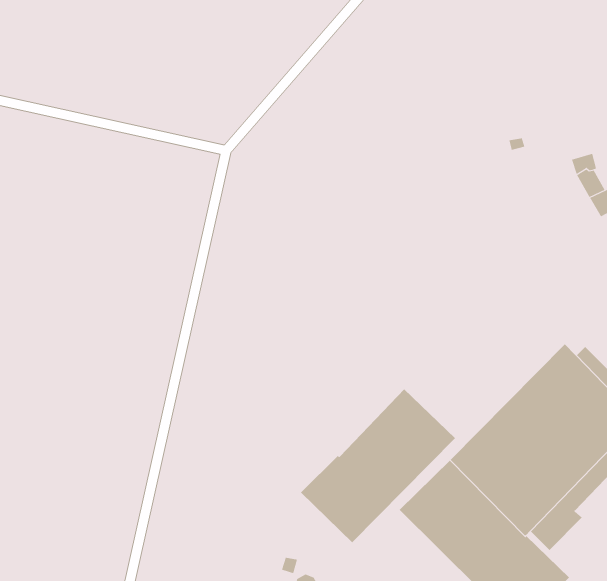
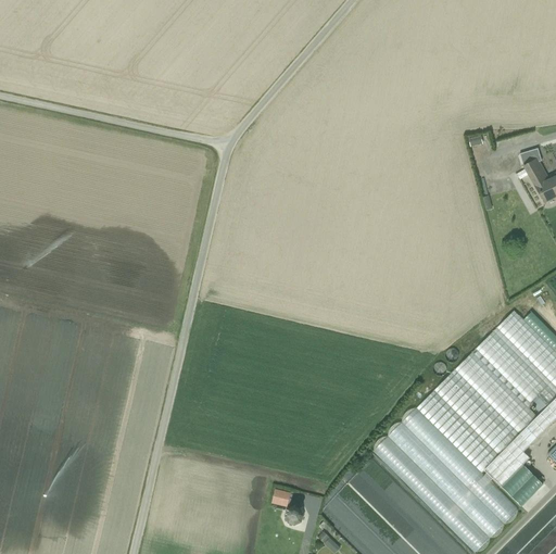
building: [300,389,456,543] -> none
building: none -> [504,467,542,505]

